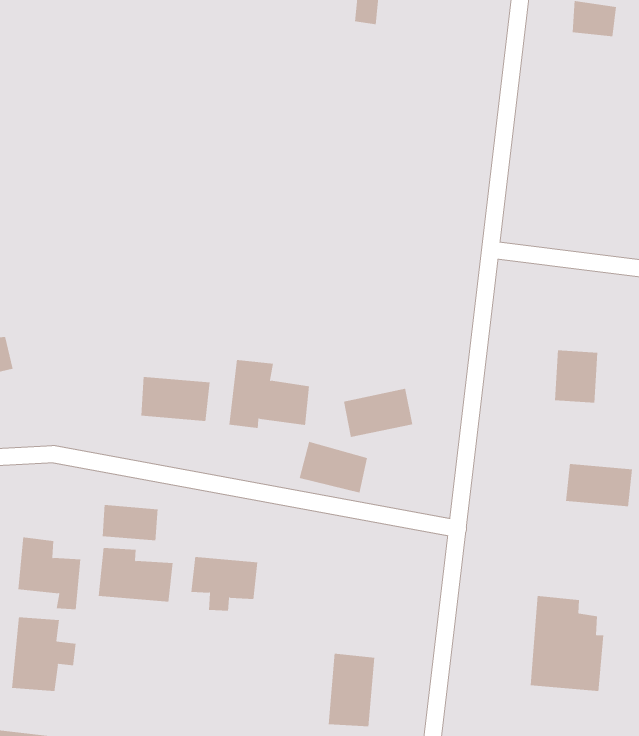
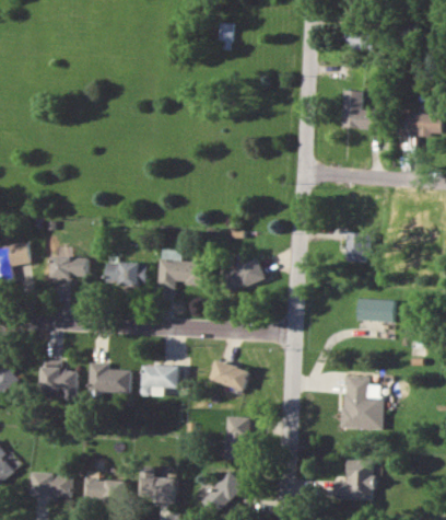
building: none -> [341,90,373,128]
building: none -> [57,256,86,278]
building: [299,441,368,493] -> [209,360,248,389]
building: [102,504,158,541] -> none
building: [12,617,76,692] -> none

